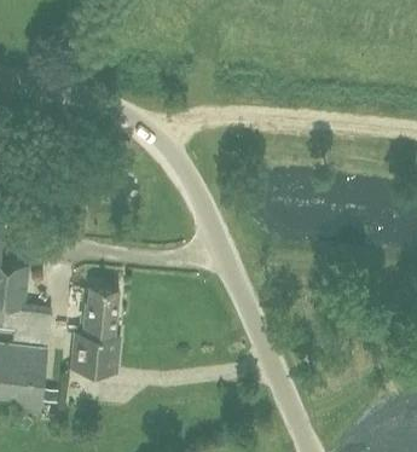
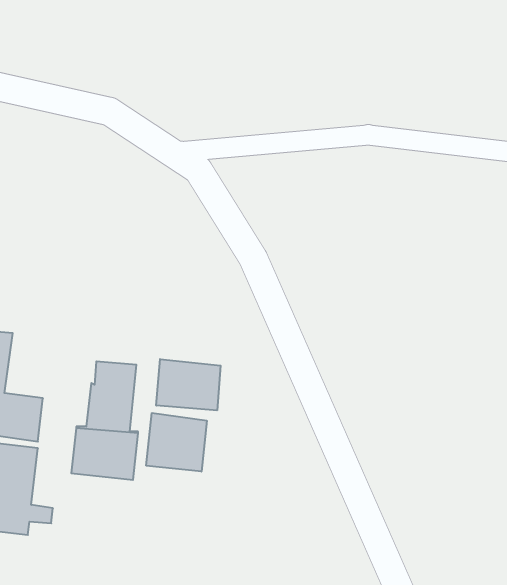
building: none -> [156,359,221,410]
building: none -> [146,413,207,472]

